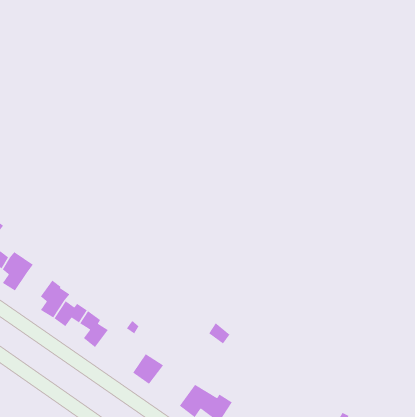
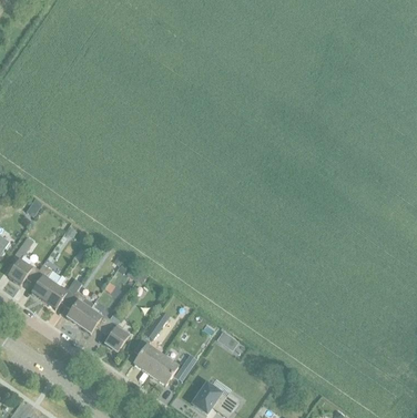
building: none -> [43,277,81,308]
building: none -> [132,337,161,374]

